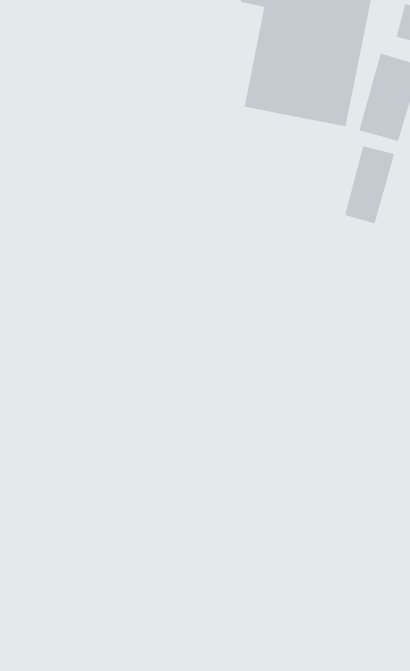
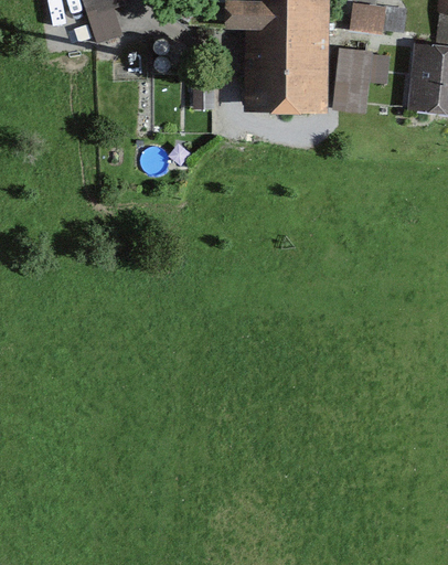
building: [344,145,395,224] -> none

